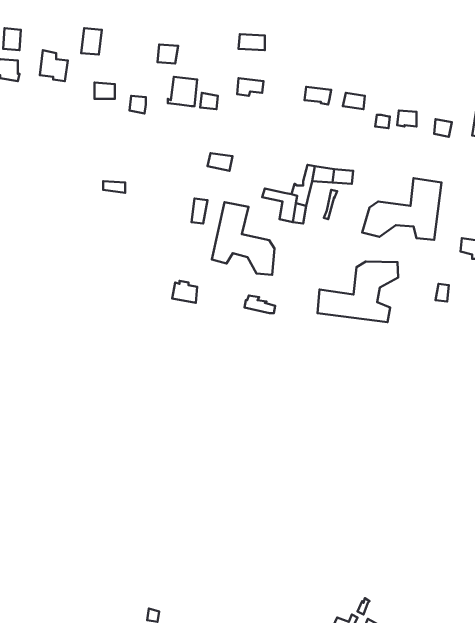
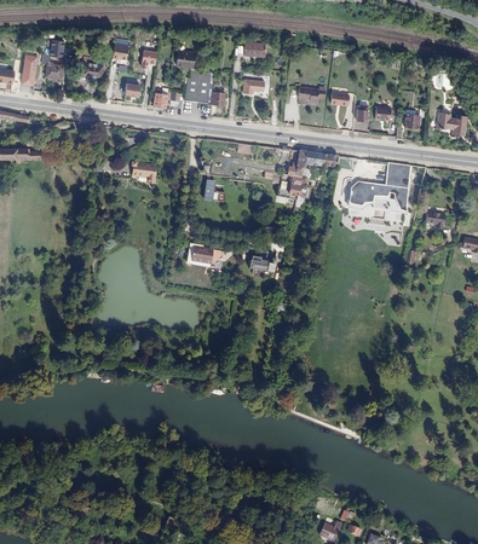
building: [212,202,274,275] -> none
building: [317,262,398,322] -> none

